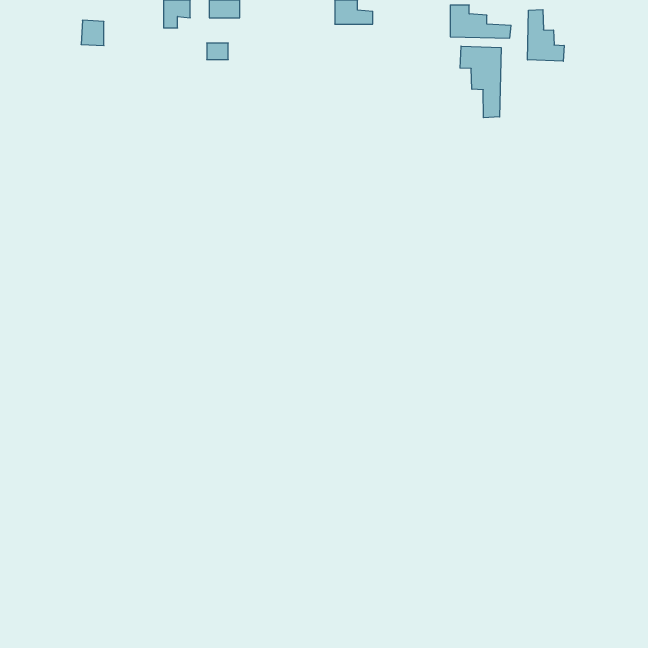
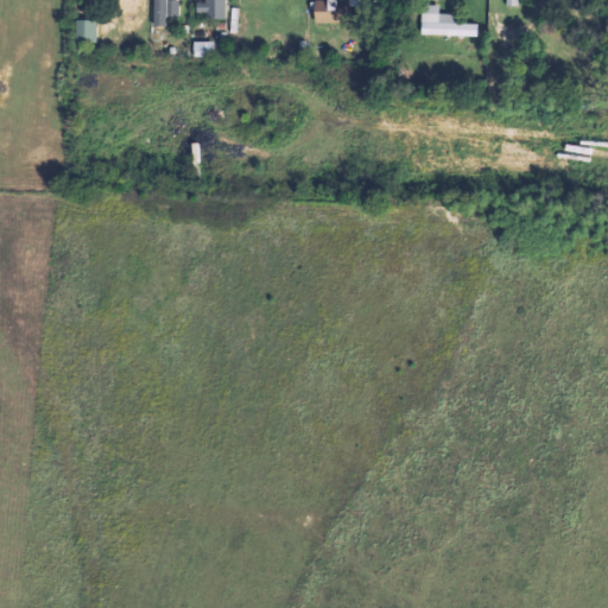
building: [528,10,564,61] -> none
building: [460,46,501,118] -> none

